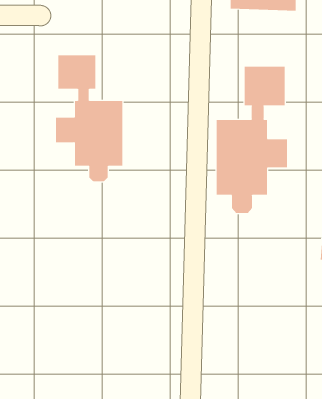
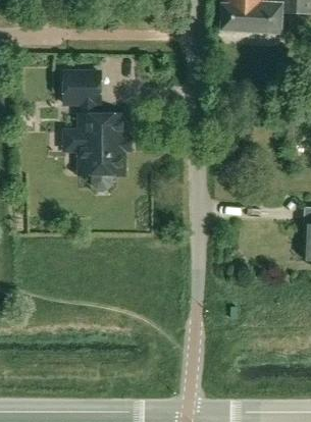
building: [216,66,287,214] -> none

